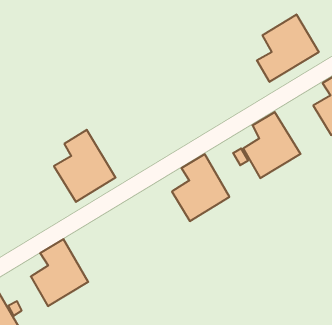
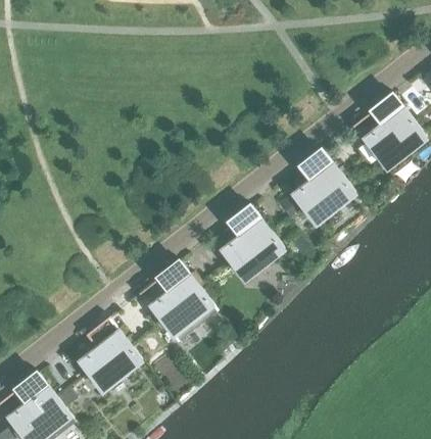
building: [257,14,319,82] -> none
building: [54,130,116,202] -> [148,261,217,341]

